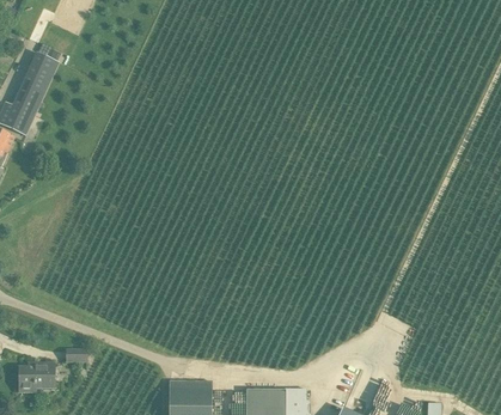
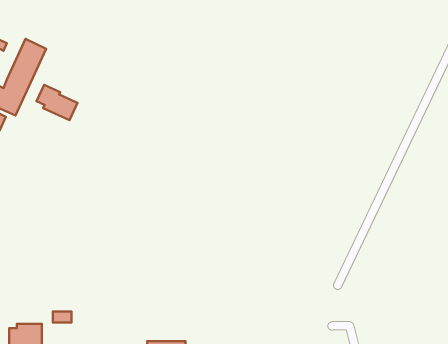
building: none -> [37,85,77,120]

